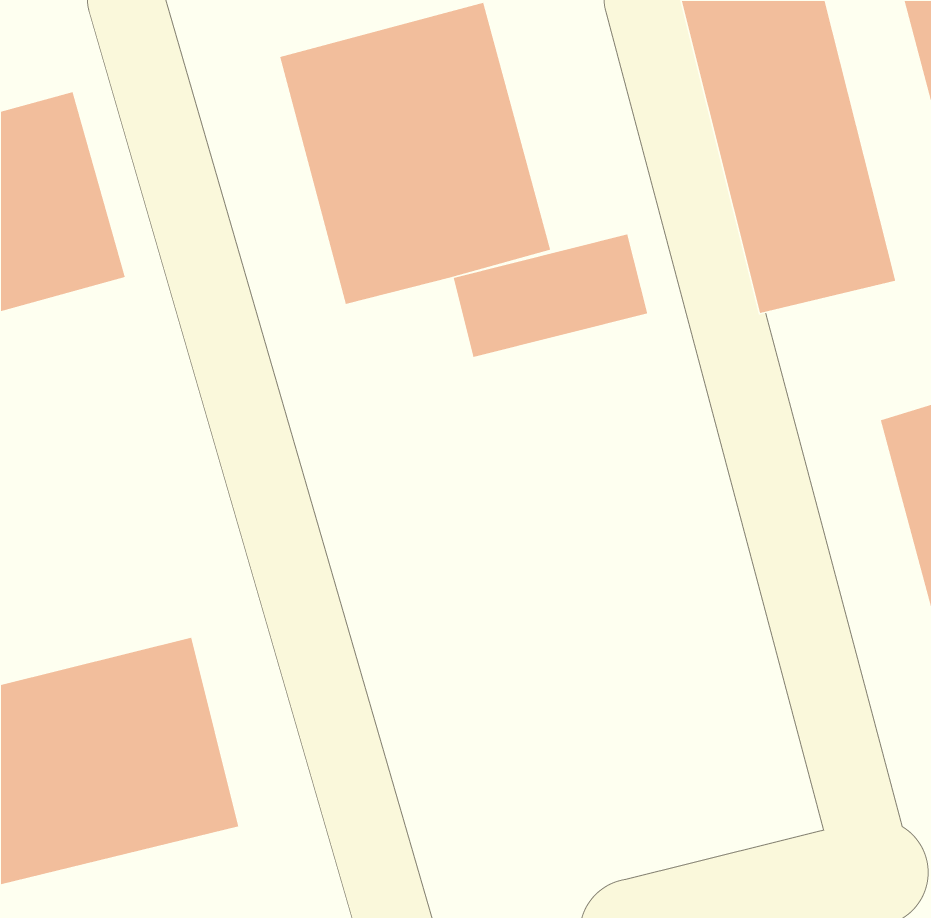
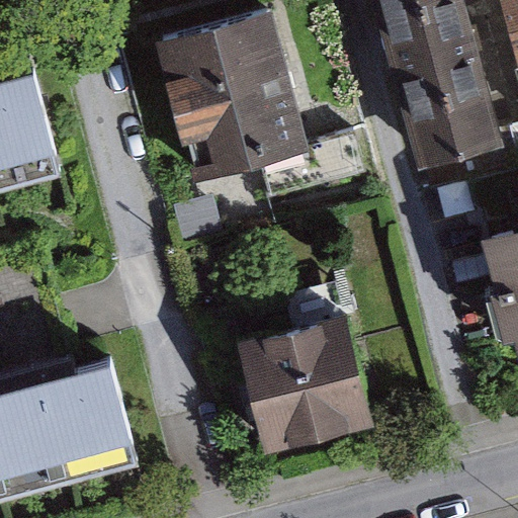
building: none -> [229,306,369,451]

